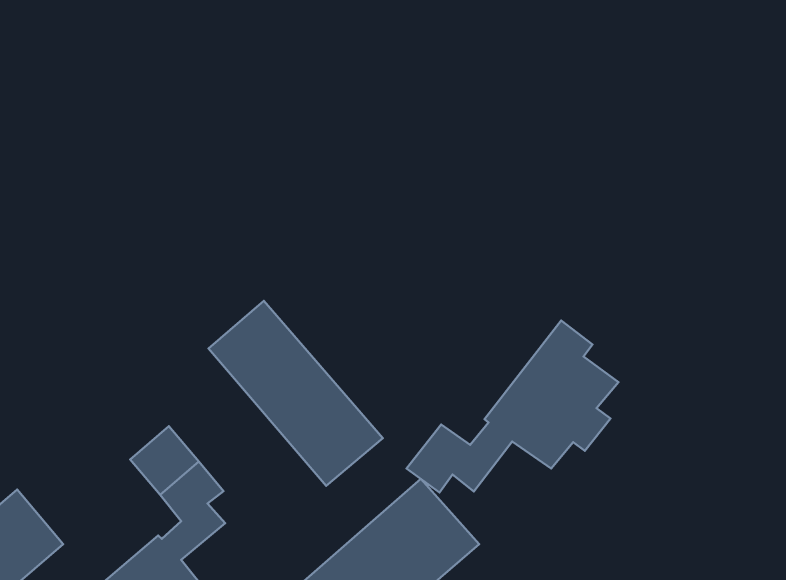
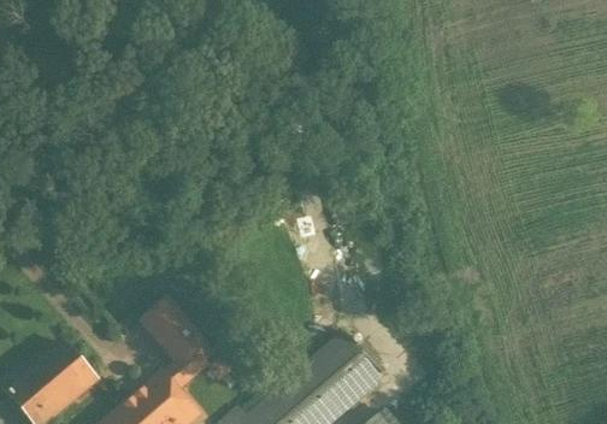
building: [209,301,383,486] -> none
building: [406,321,619,492] -> none

